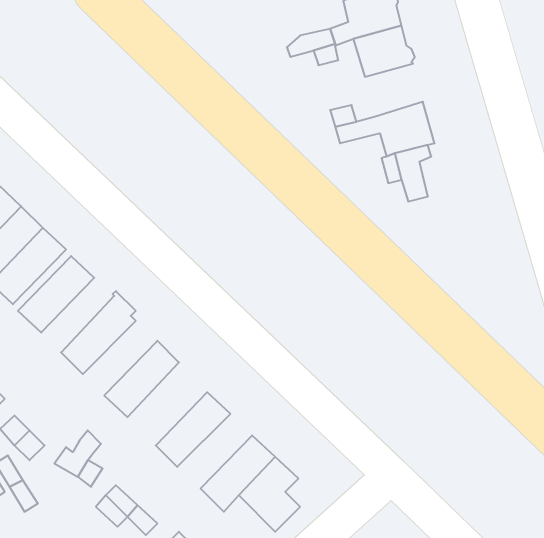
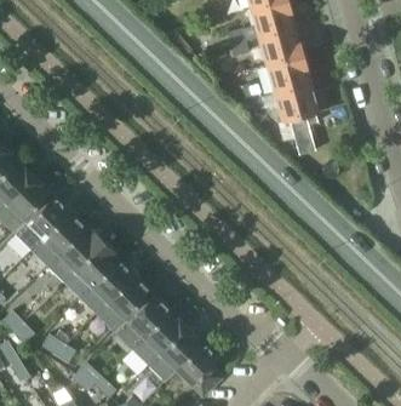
building: none -> [268,55,310,93]
building: none -> [31,211,85,265]
building: none -> [62,242,116,297]
building: none -> [94,273,150,328]
building: none -> [131,310,185,365]

